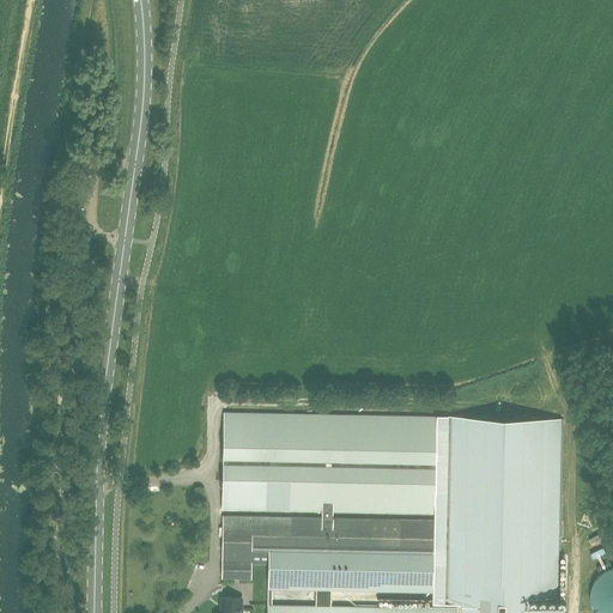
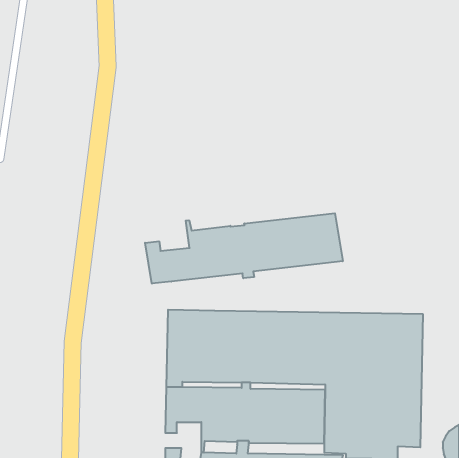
building: none -> [145,213,343,284]

